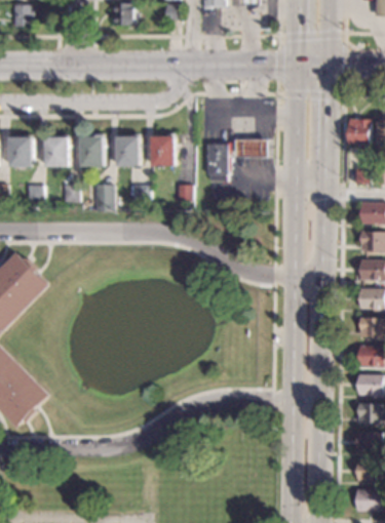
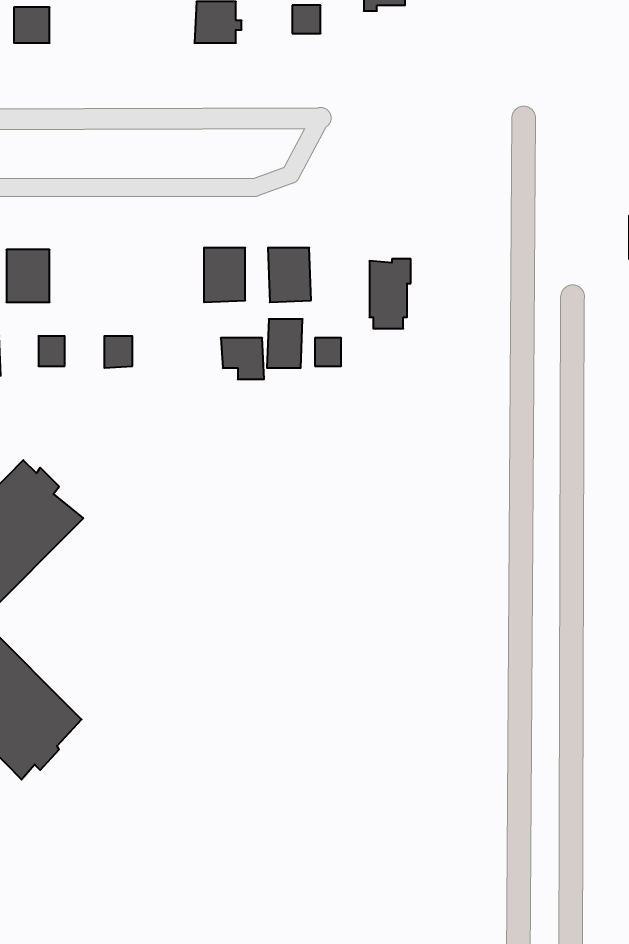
building: [80,136,104,166] -> none
building: [44,137,68,166] -> none
building: [234,139,267,157] -> none
building: [93,185,113,211] -> [267,319,303,368]

